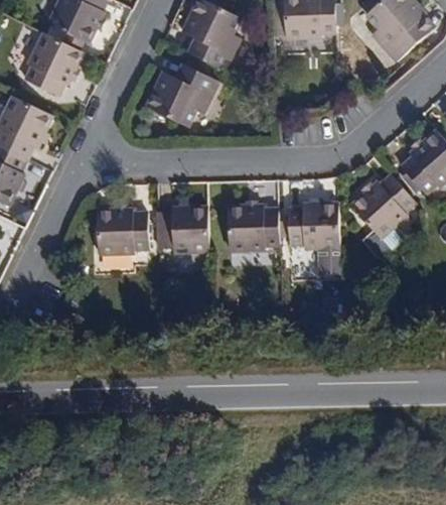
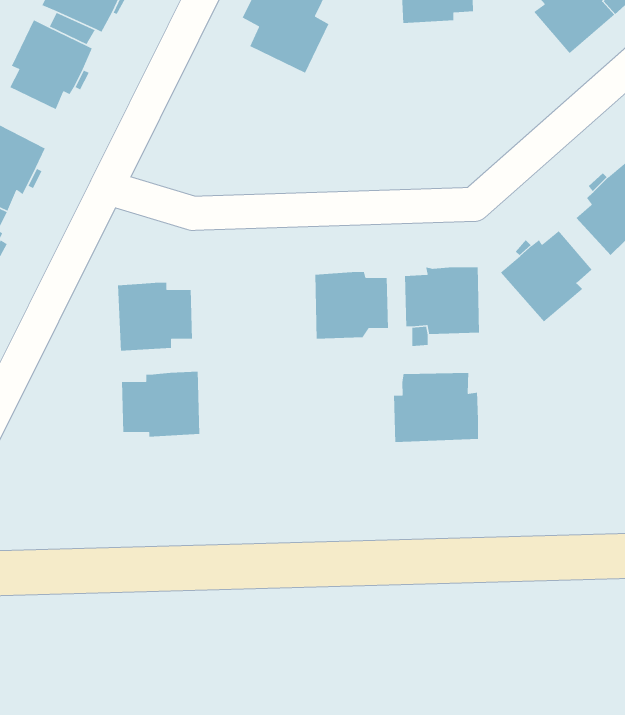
building: [144,65,217,128] -> none
building: [155,207,207,251] -> [121,371,200,437]
building: none -> [393,372,479,443]

